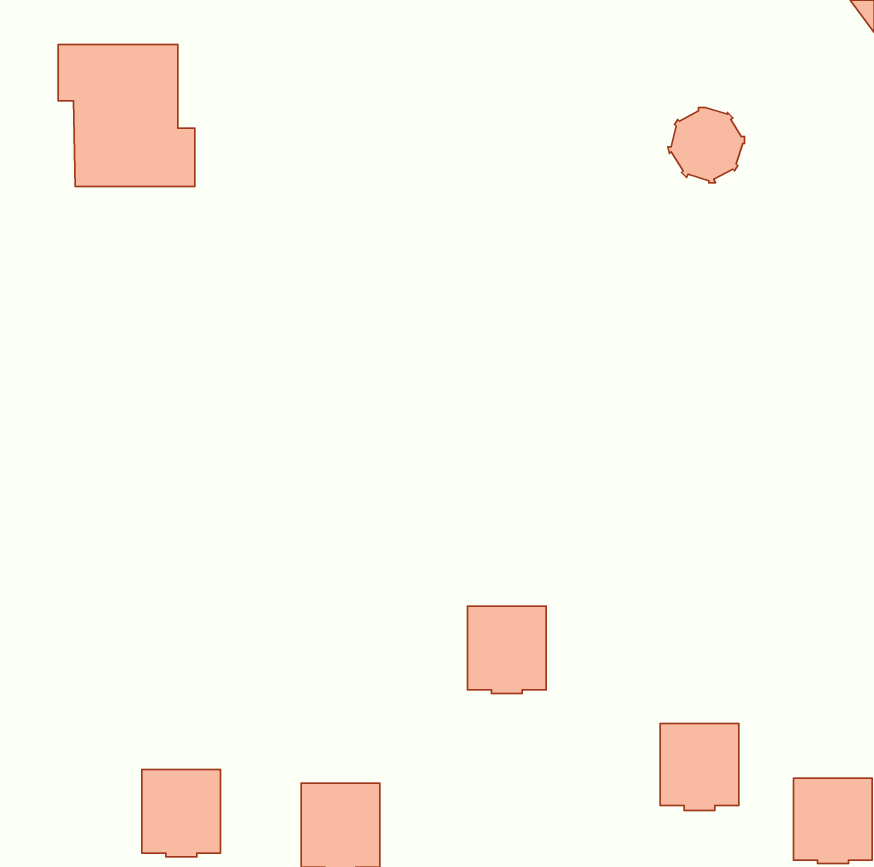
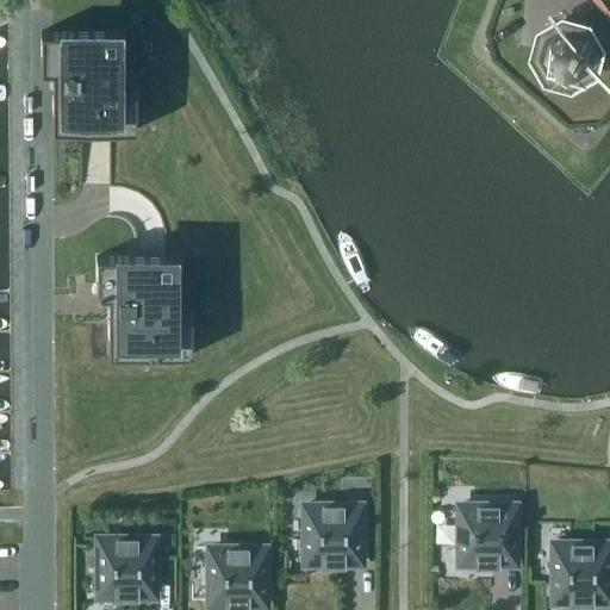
building: [668,107,745,183] -> [537,29,591,81]
building: none -> [97,260,192,359]
building: [467,606,546,693] -> [305,508,360,568]

